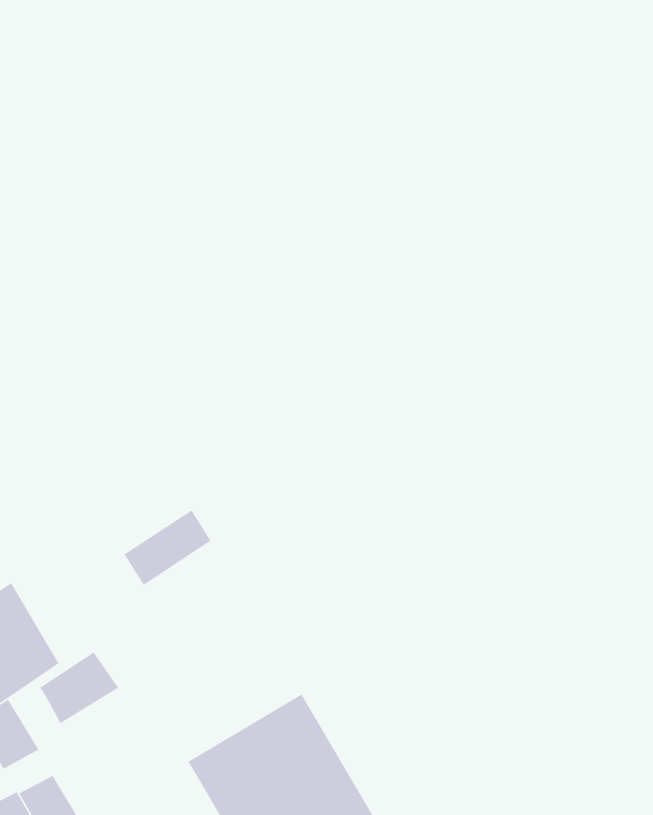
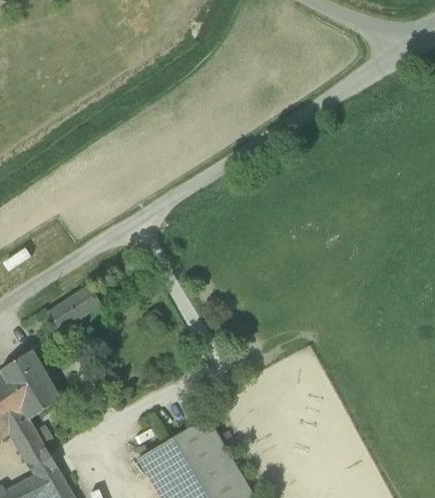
building: [124,509,212,586] -> [46,288,99,334]
building: [39,651,119,724] -> none

